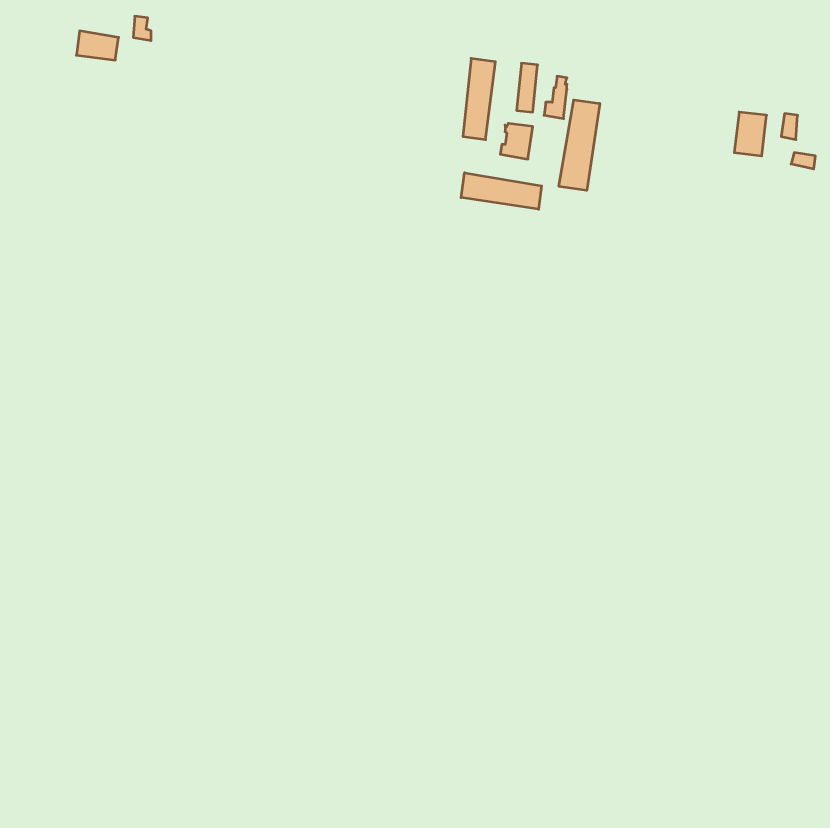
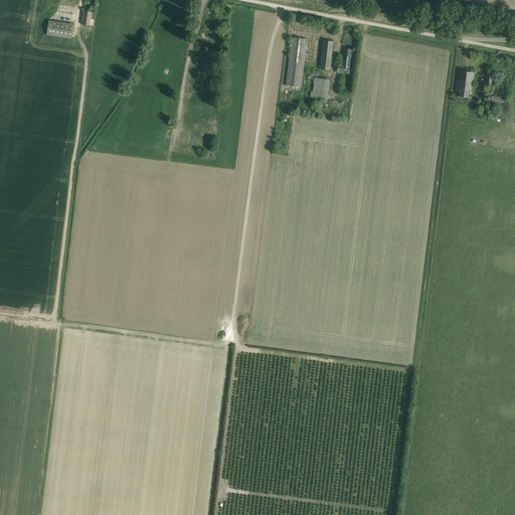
building: [559,100,600,190] -> none
building: [461,173,542,209] -> none

